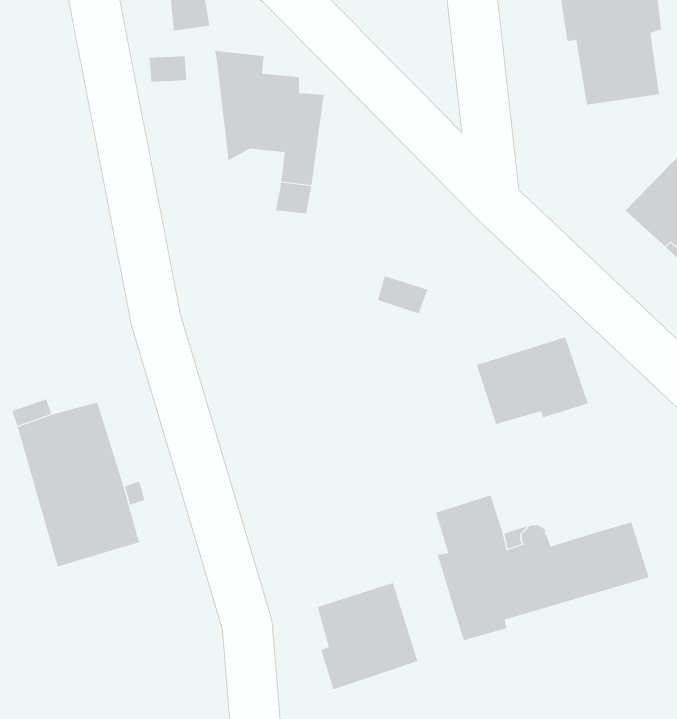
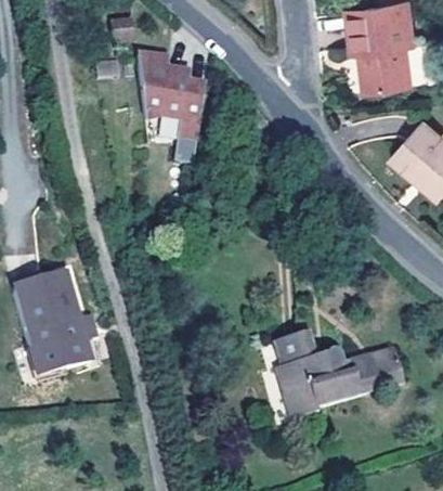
building: [476,337,589,425] -> none
building: [317,582,418,690] -> none

